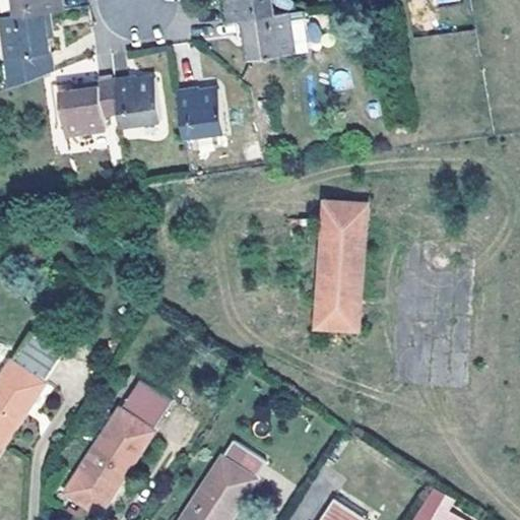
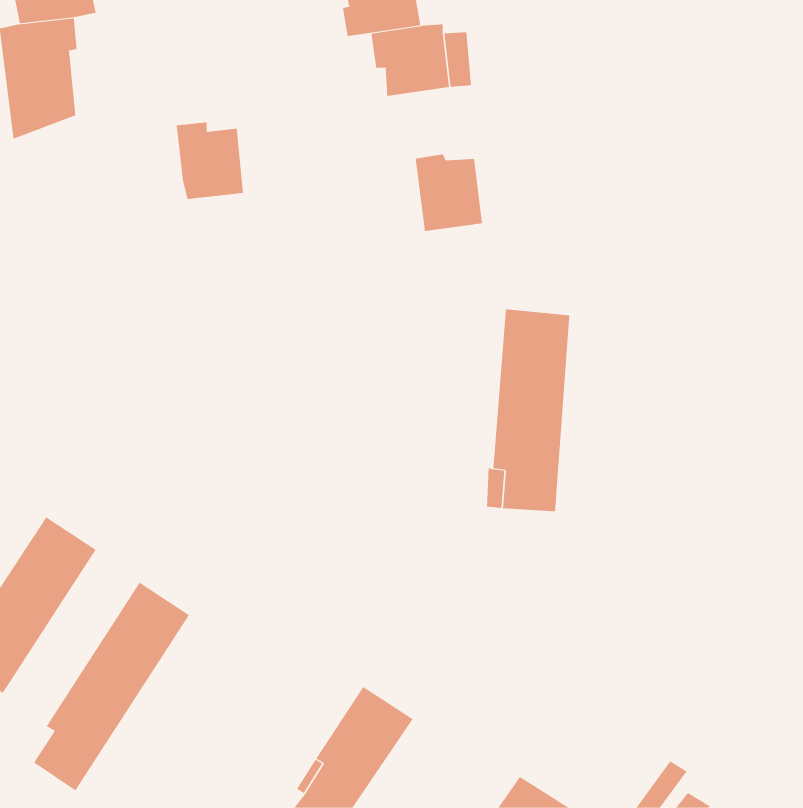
building: [58,80,117,137] -> none
building: [177,90,220,140] -> [415,154,483,231]
building: [71,379,172,513] -> [33,582,190,791]

